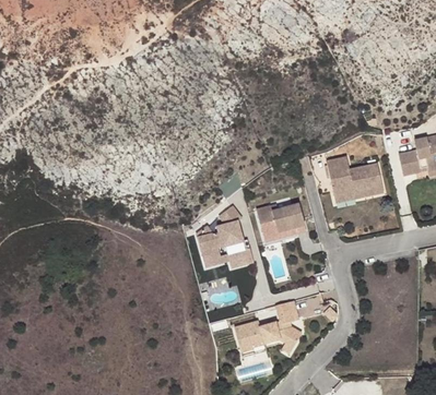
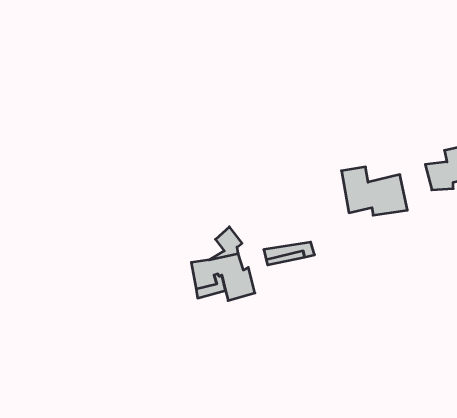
building: [257,203,301,226] -> none
building: [233,304,297,355] -> none

